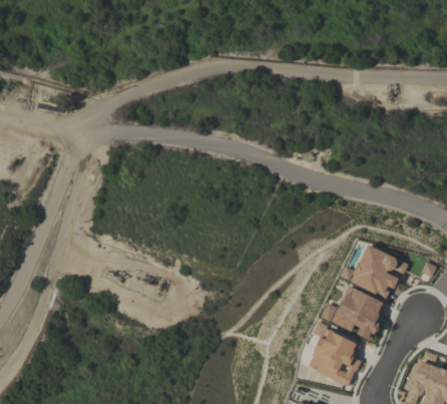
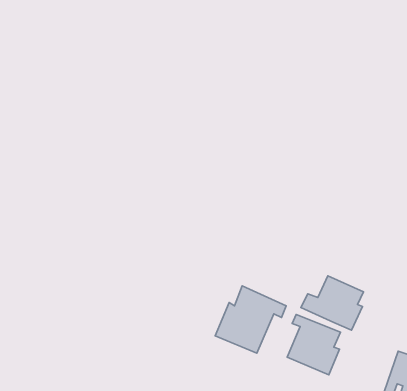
building: [341,245,409,299] -> none
building: none -> [215,286,286,353]

